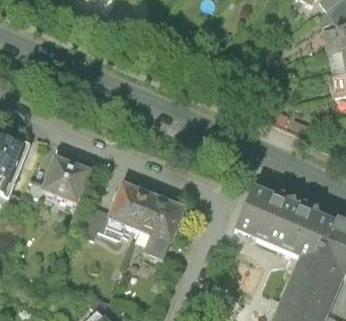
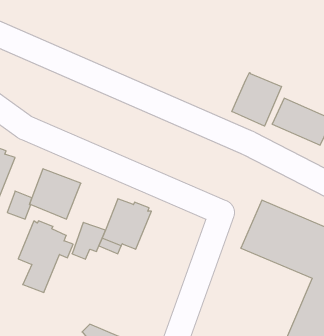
building: none -> [232,73,281,126]
building: [139,195,189,260] -> [18,221,73,292]

